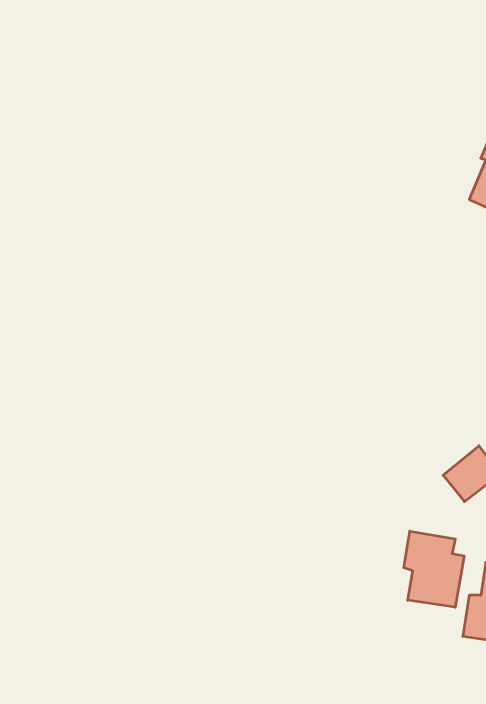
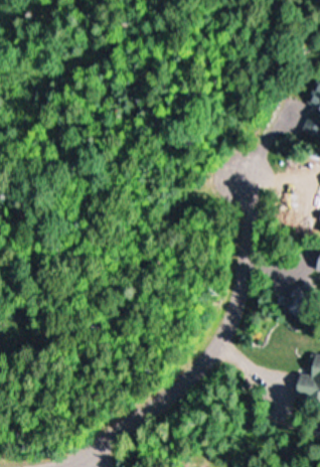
building: [404,531,464,607] -> none

